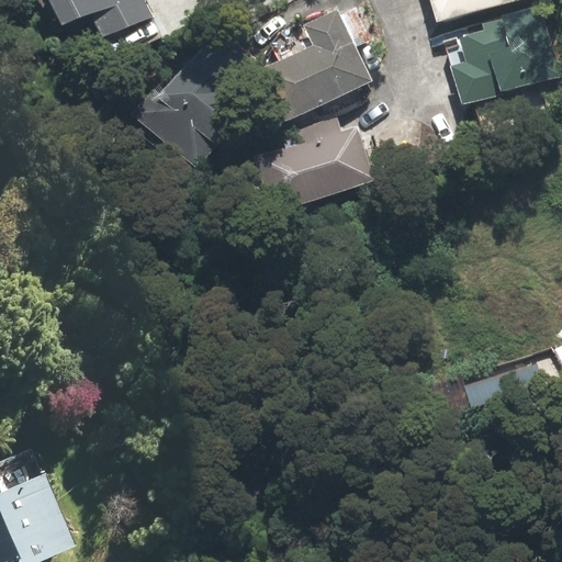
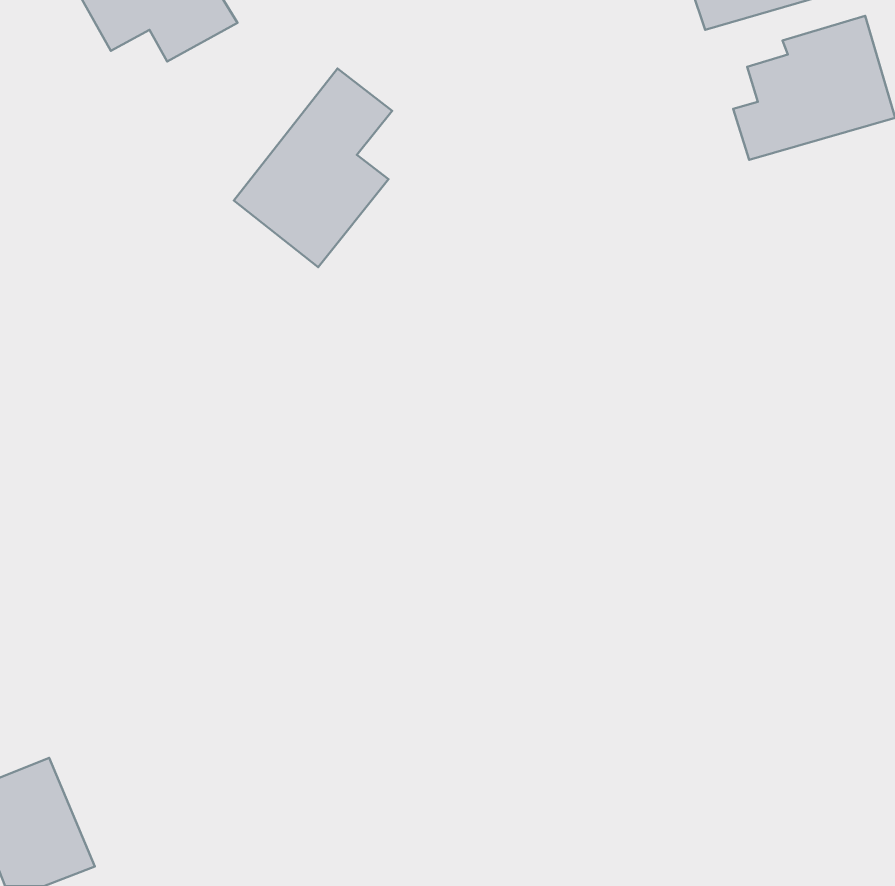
building: [263,13,368,119] -> none
building: [262,110,372,210] -> none

